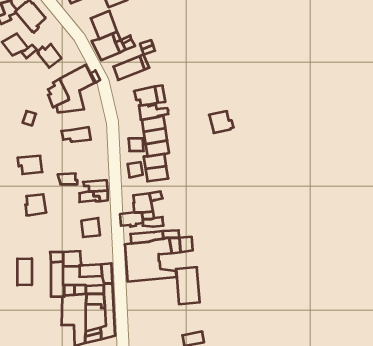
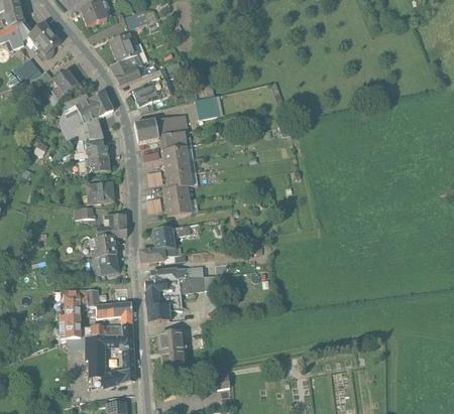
building: none -> [134,119,158,141]
building: none -> [77,138,107,160]
building: [209,111,234,133] -> [195,96,221,119]
building: [18,156,42,174] -> [88,182,114,201]
building: [25,194,46,215] -> [95,235,117,257]
building: [17,258,32,285] -> none
building: [176,267,200,304] -> [159,330,185,370]

